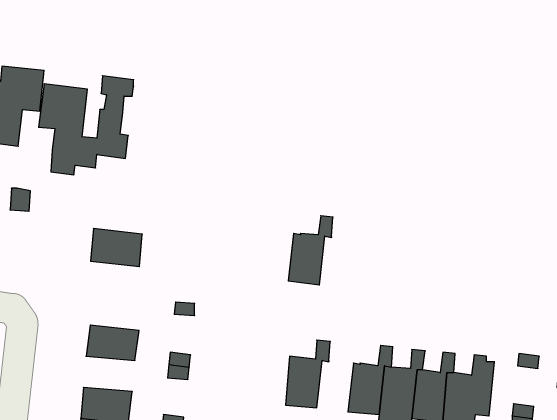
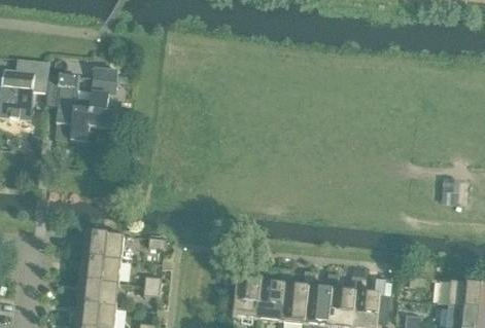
building: [288,216,333,285] -> [256,268,290,321]
building: [91,229,142,267] -> [84,230,124,259]
building: none -> [79,279,118,305]

